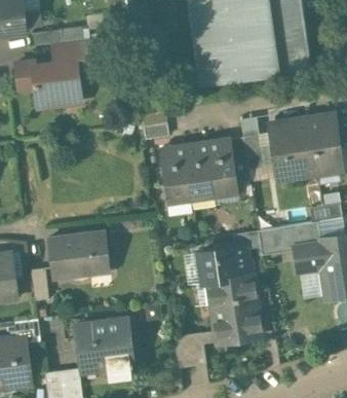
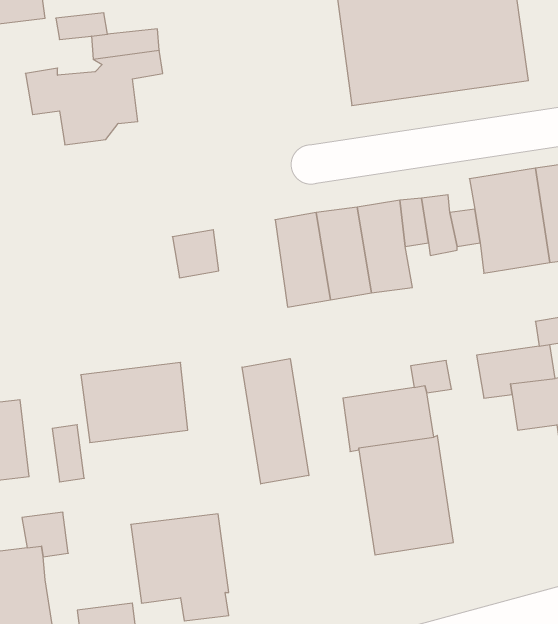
building: [142,111,168,139] -> [172,230,219,278]
building: none -> [242,359,309,484]
building: [175,332,206,367] -> none

